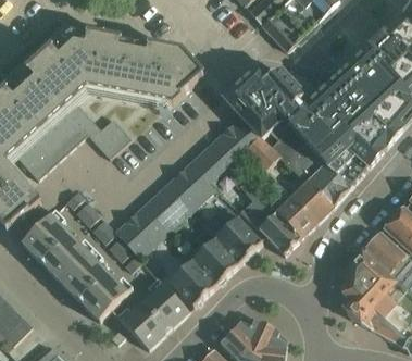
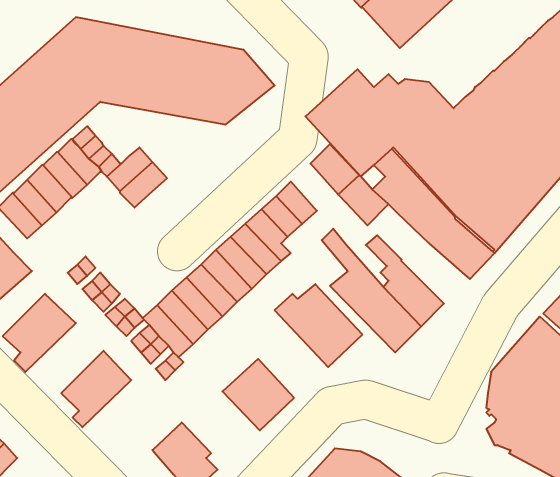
building: [214,128,251,166] -> none
building: [288,182,334,222] -> none
building: [37,235,89,282] -> none
building: [192,238,239,285] -> none
building: [75,273,127,321] -> none
building: [141,282,189,327] -> none

